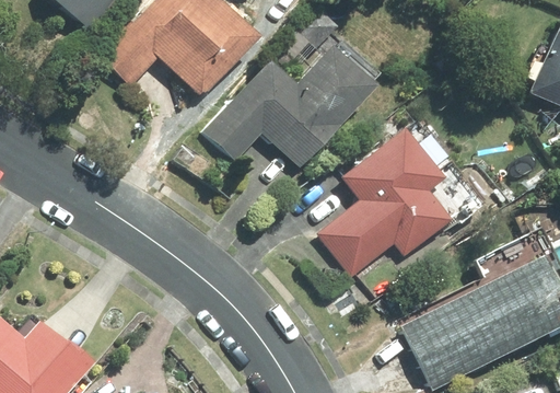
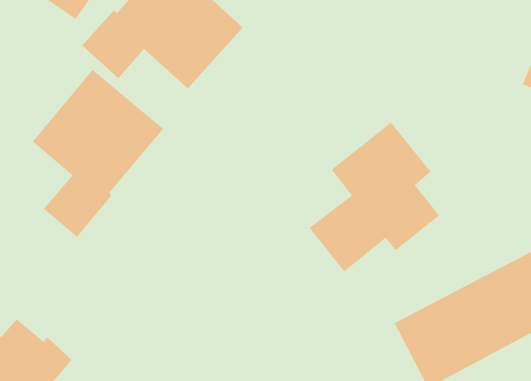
building: [208,46,374,166] -> none
building: none -> [32,69,164,238]

